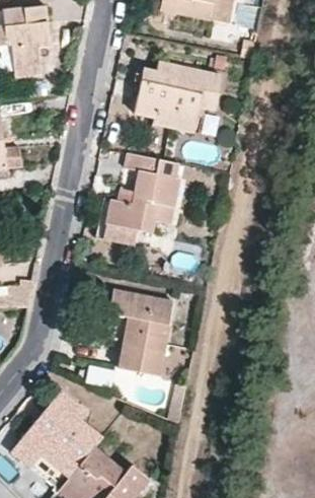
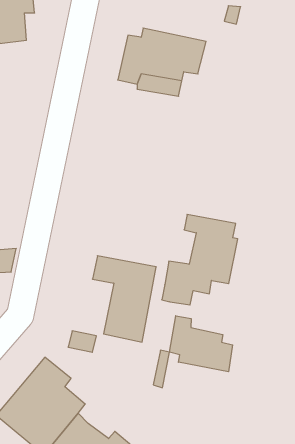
building: [104,153,180,243] -> [162,214,238,305]
building: none -> [170,316,233,372]

